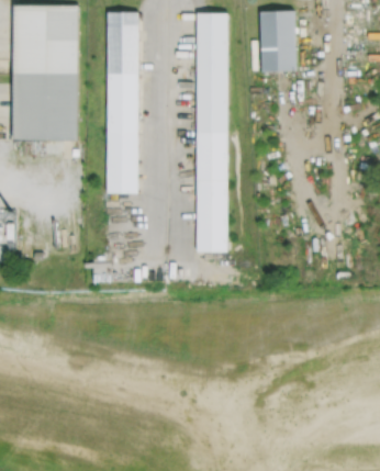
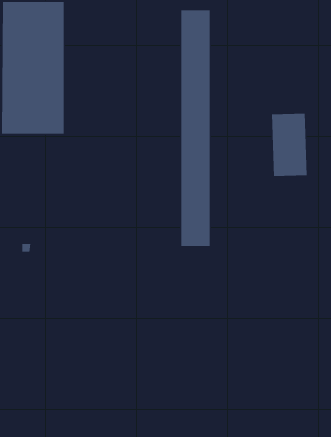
building: [260,10,298,75] -> [271,113,307,176]
building: [107,11,139,195] -> none

